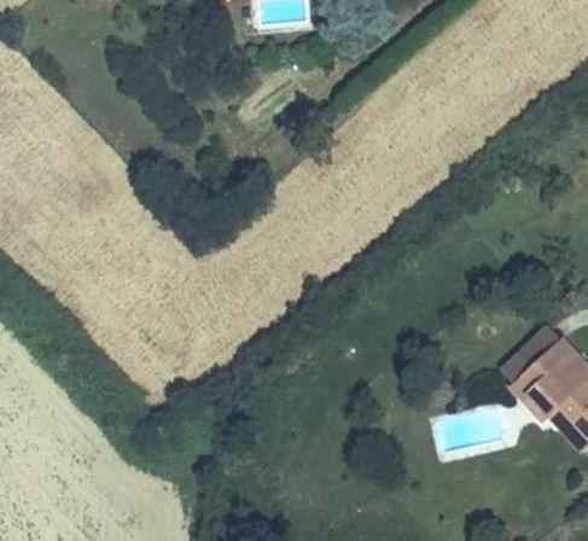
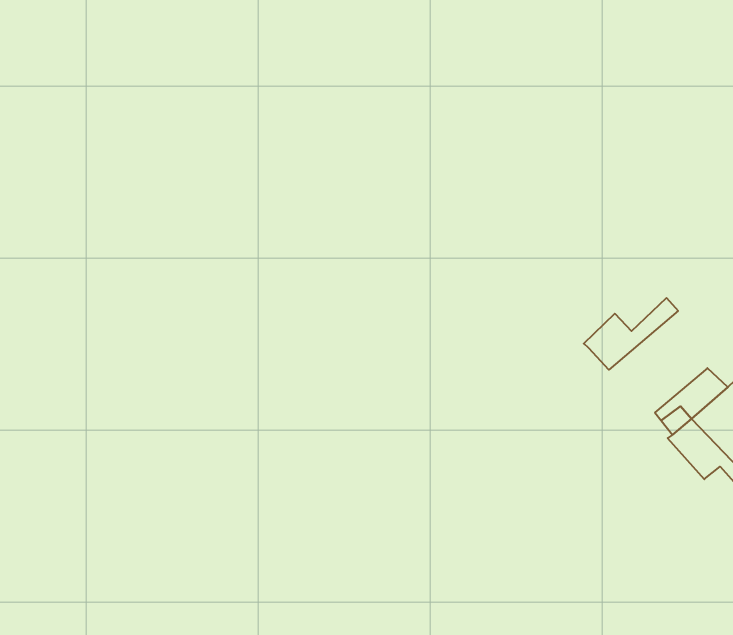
building: none -> [584,298,678,370]

